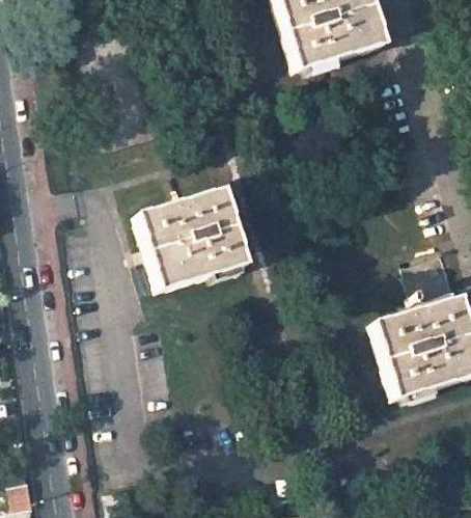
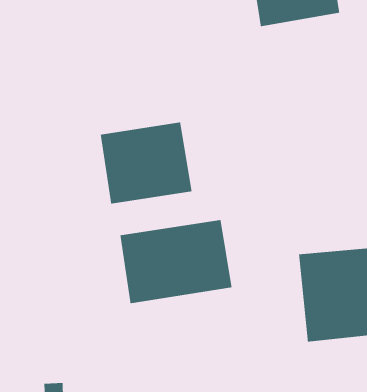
building: none -> [120,219,233,304]

